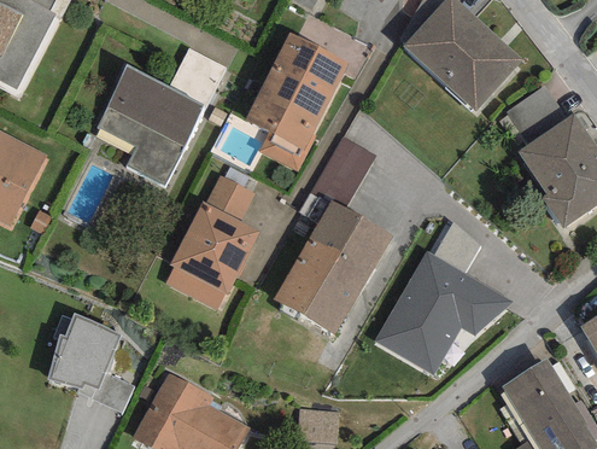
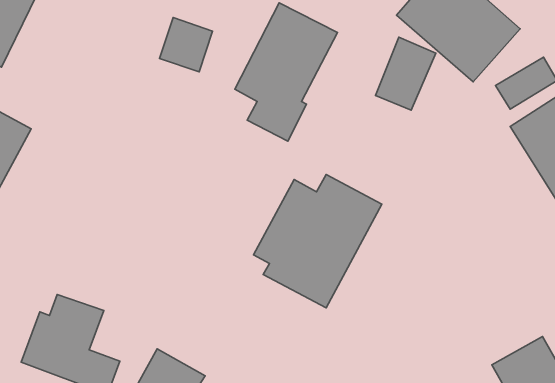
building: [100,69,206,180] -> none
building: [315,135,374,206] -> [375,37,436,110]
building: [158,176,263,310] -> none
building: [376,220,509,375] -> none

